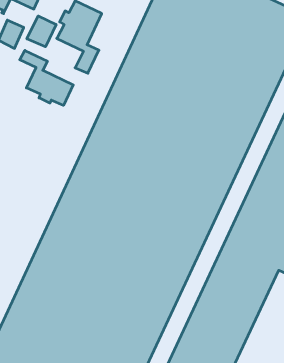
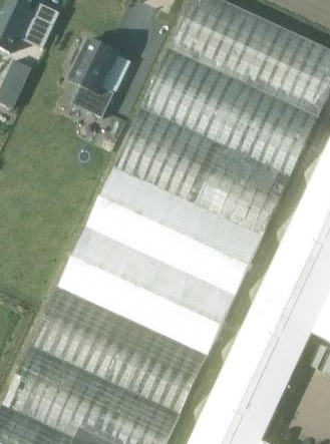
building: [27,16,56,47] -> none
building: [20,50,73,105] -> none

